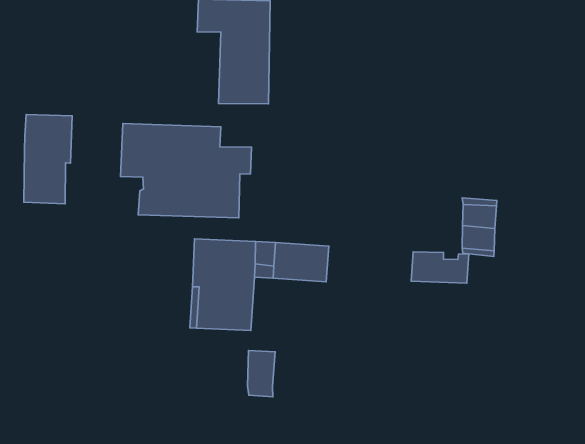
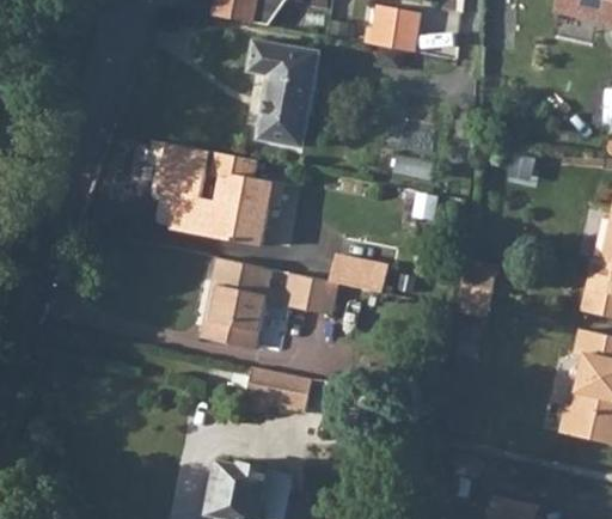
building: [24,114,72,204] -> none
building: [411,252,469,283] -> [331,257,387,293]
building: none -> [268,373,312,411]

